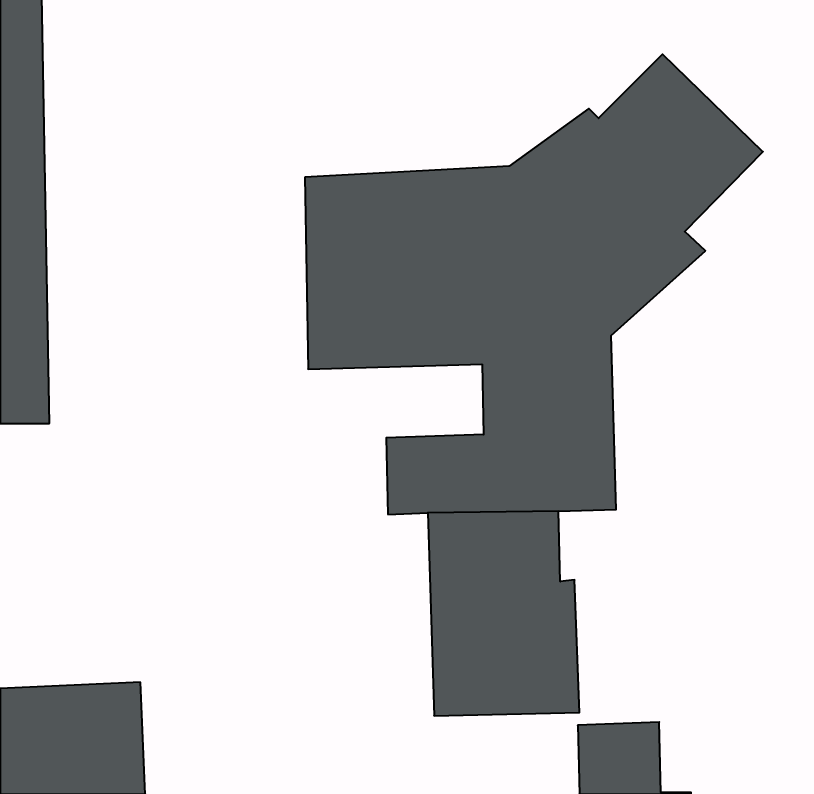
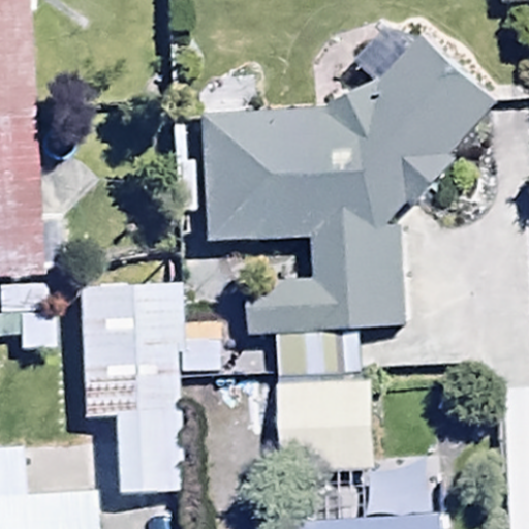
building: none -> [79,285,182,492]

